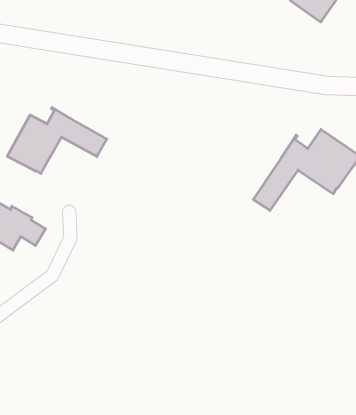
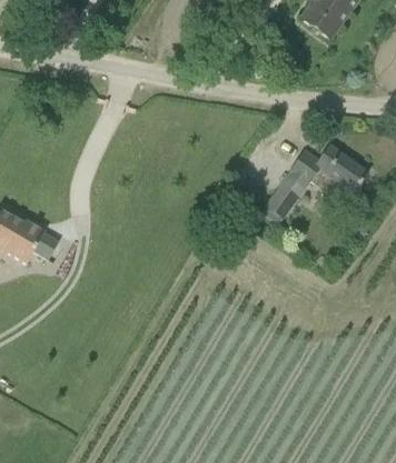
building: [7,107,107,174] -> none

